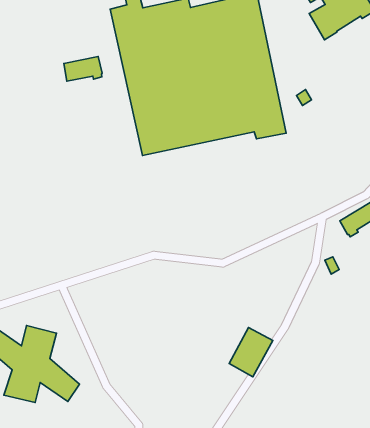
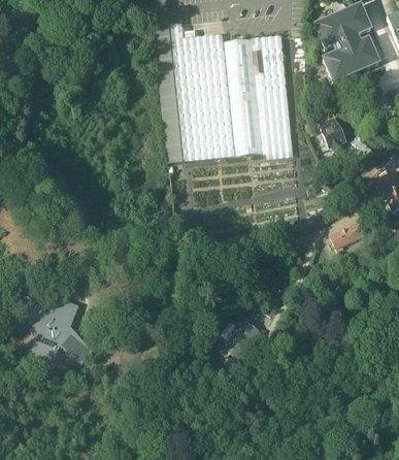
building: [64,56,102,81] -> none
building: none -> [322,117,346,150]

